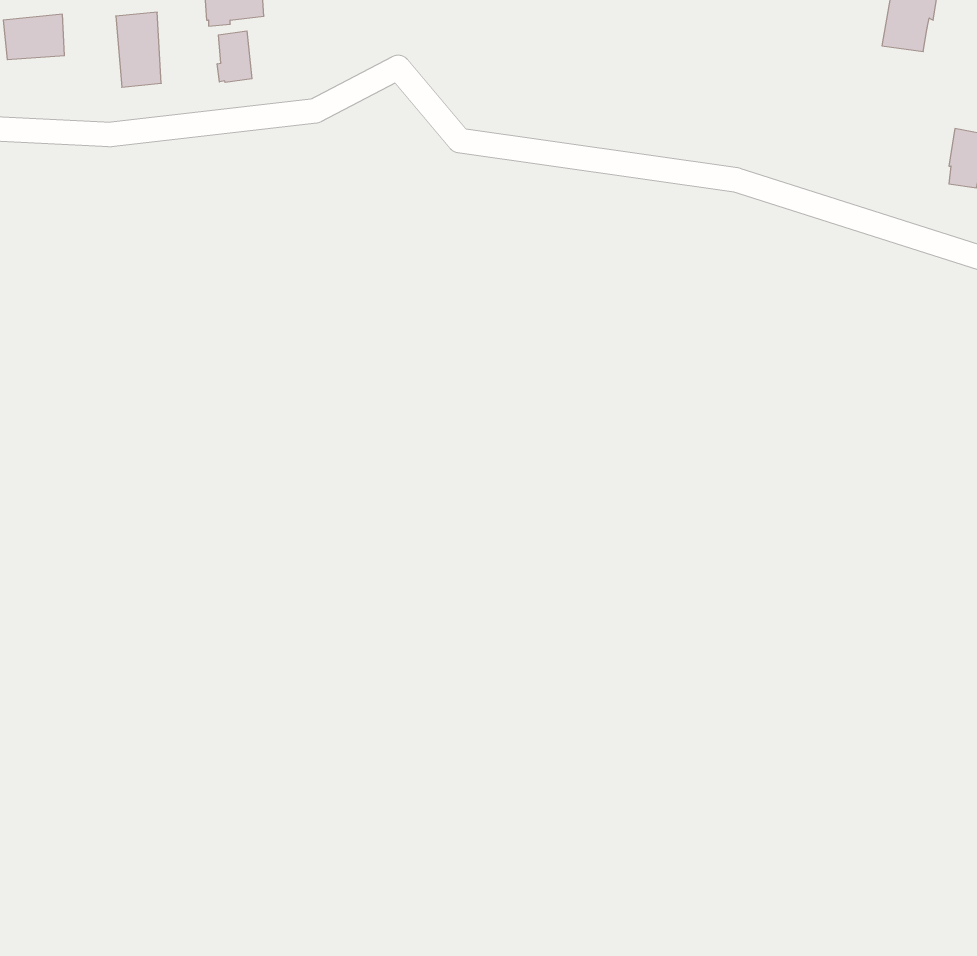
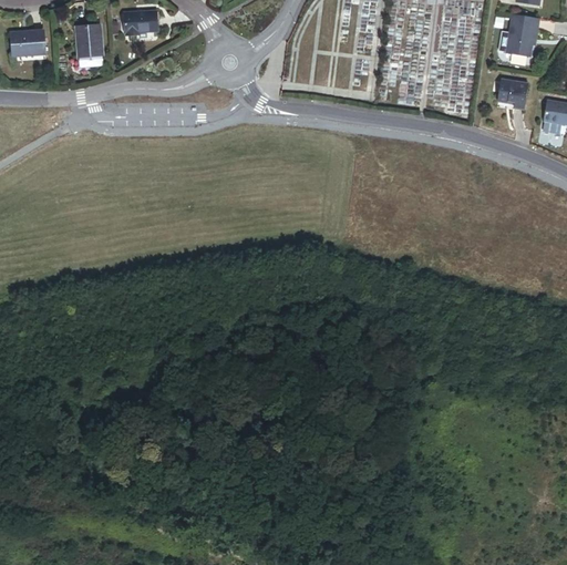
building: [217,31,252,82] -> none
building: none -> [497,75,527,106]

